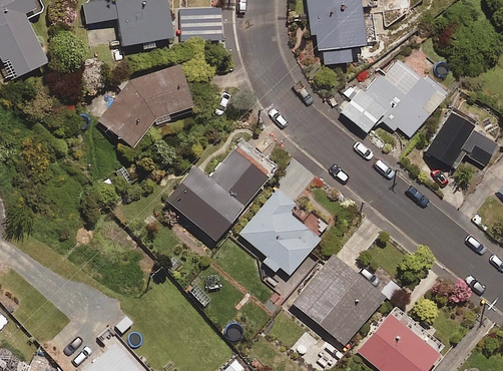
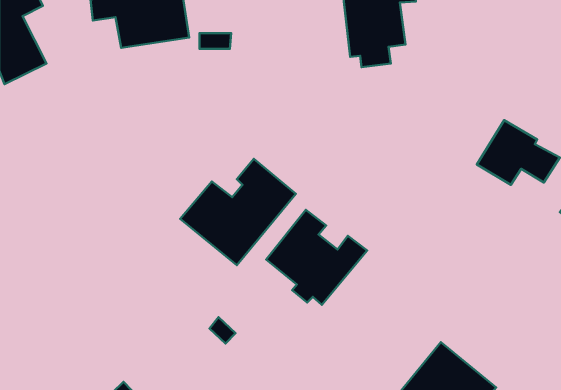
building: [342,61,448,139] -> none
building: [100,64,191,146] -> none
building: [294,256,384,345] -> none

